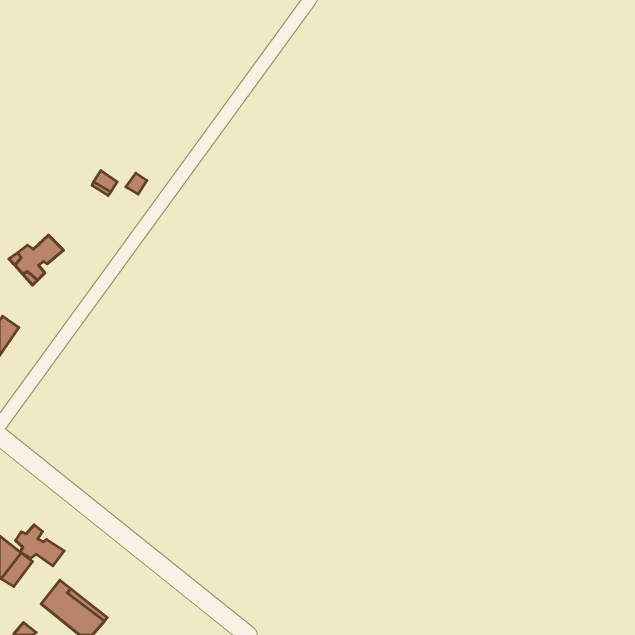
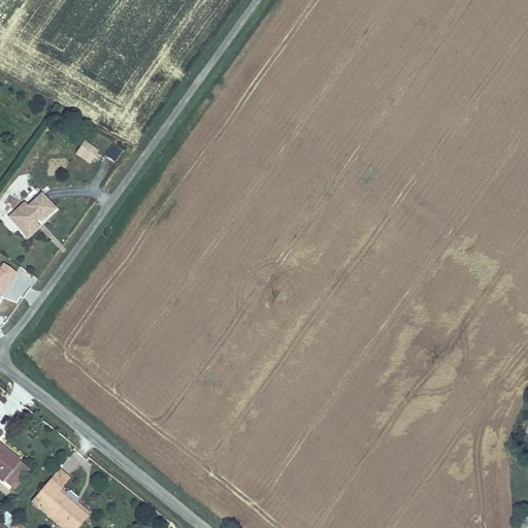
building: [16,525,64,566] -> none

